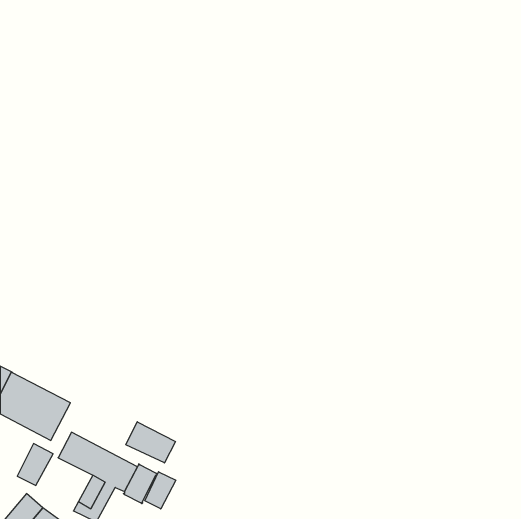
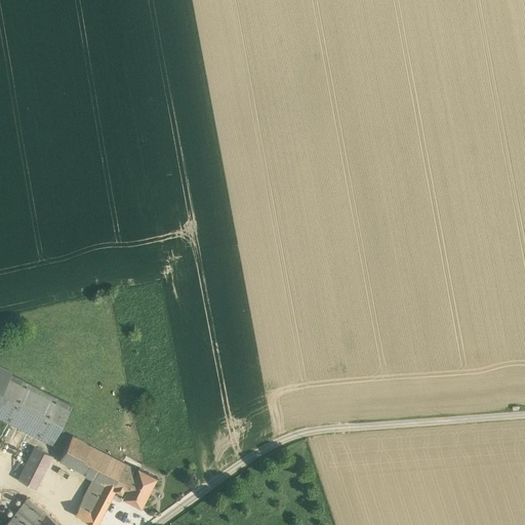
building: [126,422,175,463] -> none
building: [145,472,176,509] -> none

